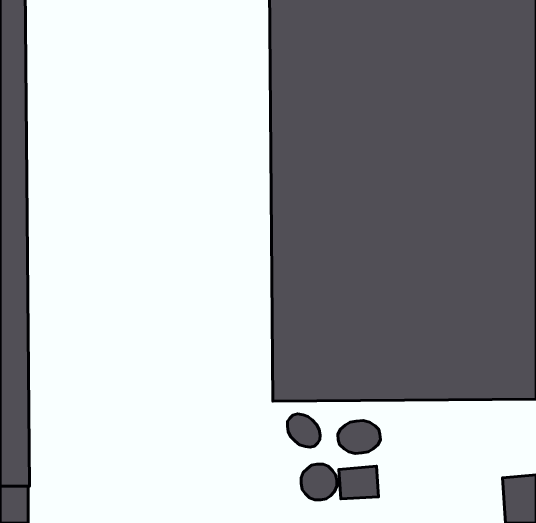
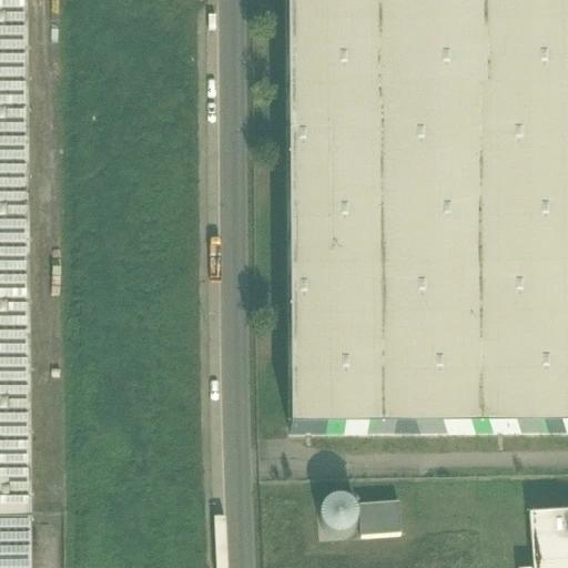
building: [287,414,320,447] -> none
building: [338,421,380,453] -> none

